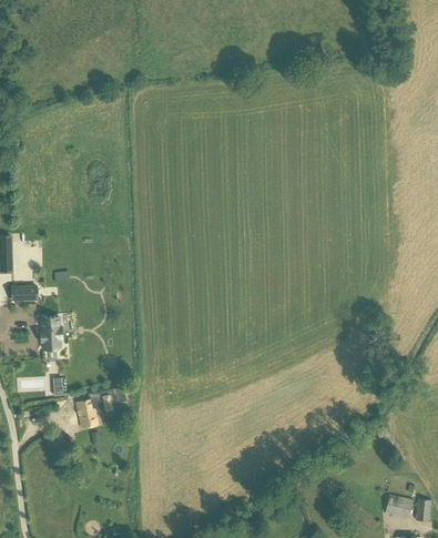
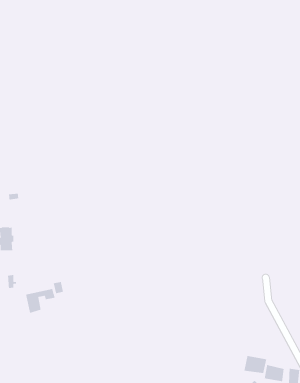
building: none -> [244,355,267,374]

